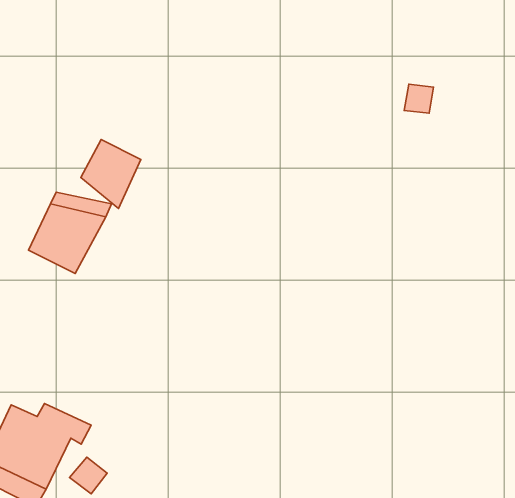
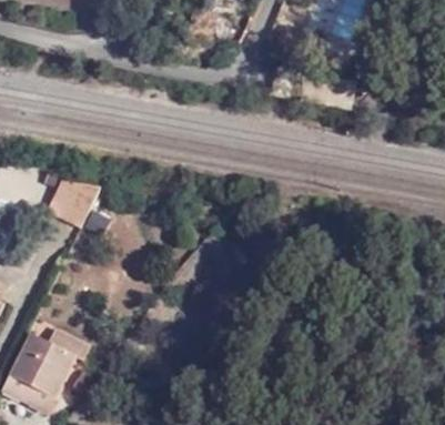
building: [81,140,141,208] -> none

